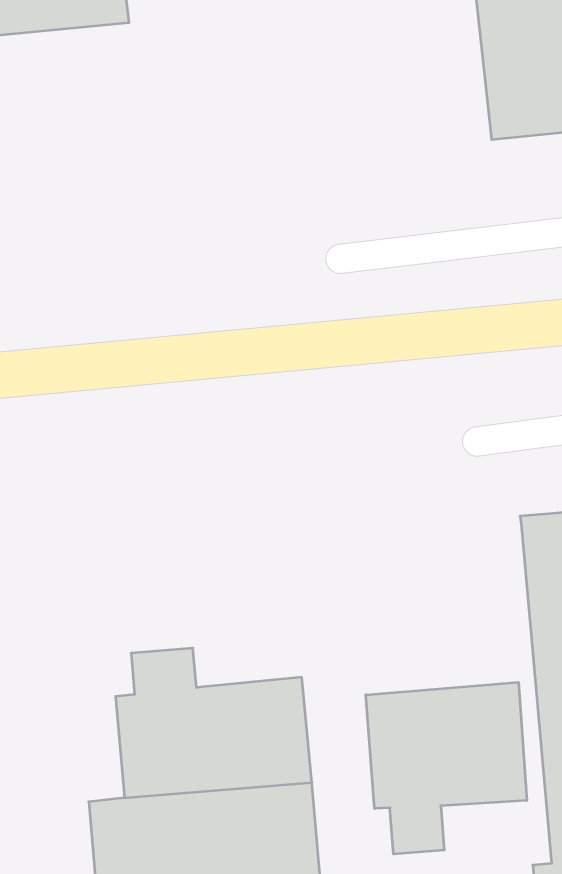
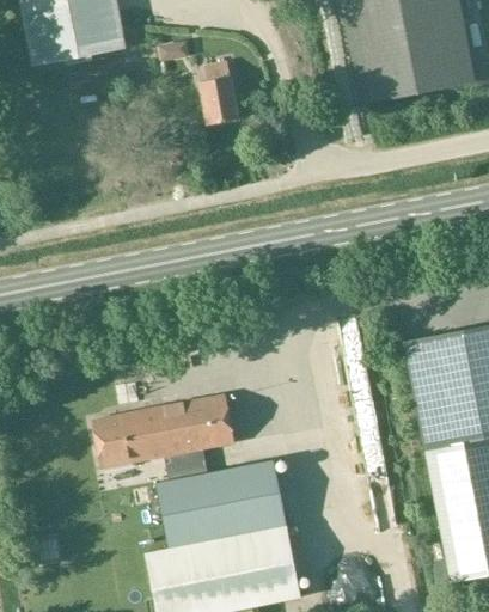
building: none -> [201,60,239,123]
building: none -> [93,394,234,466]
building: [366,682,527,854] -> none

